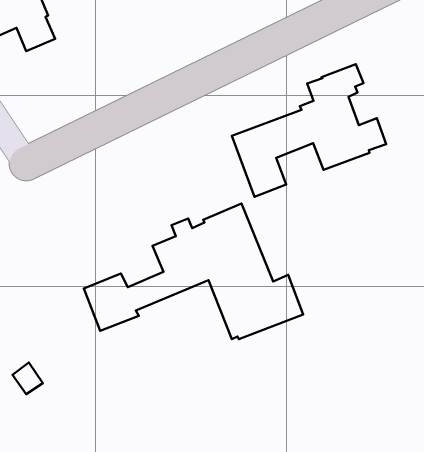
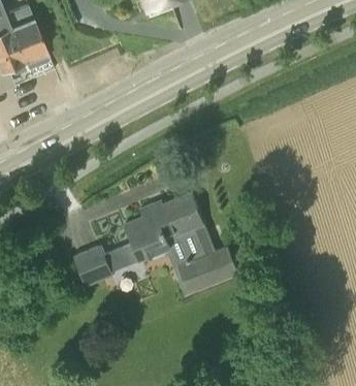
building: [232,64,386,197] -> none

